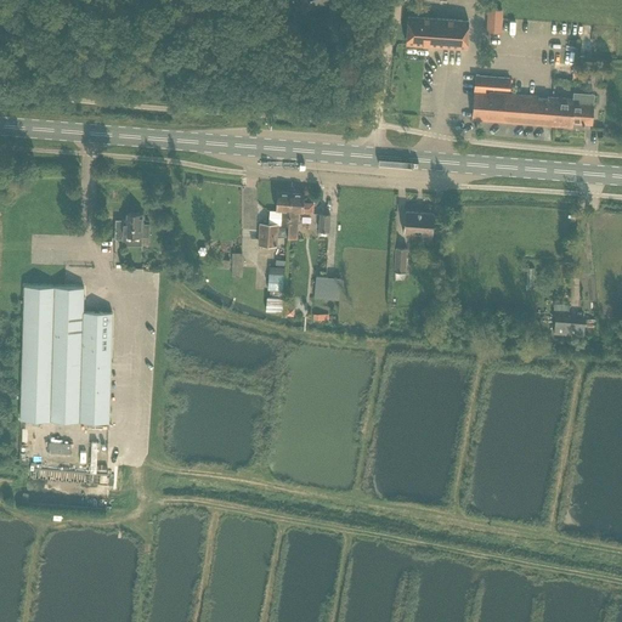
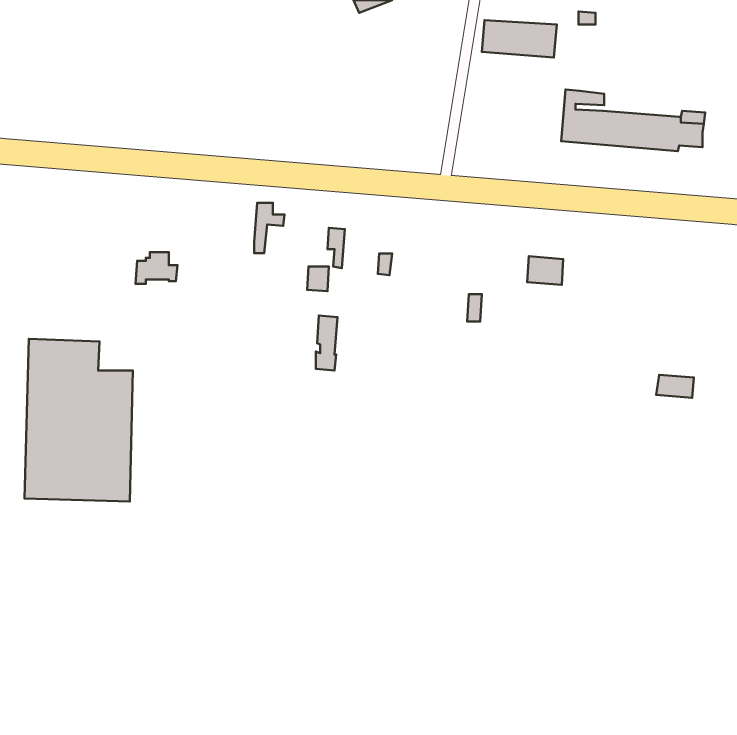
building: [288,194,313,237] -> [254,203,284,253]
building: [403,213,434,237] -> [527,256,563,285]
building: [313,277,340,301] -> none

